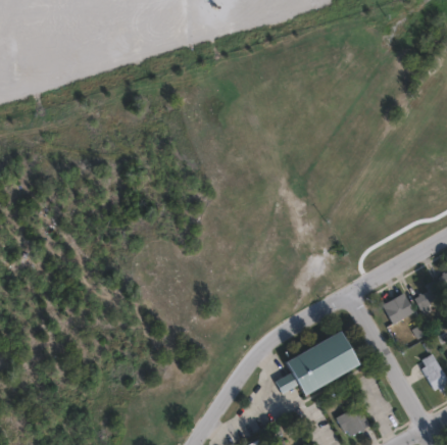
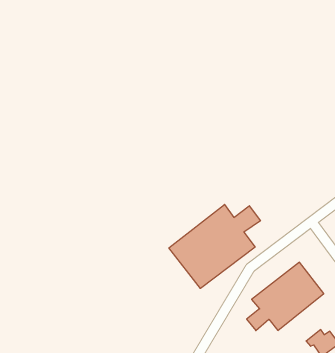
building: none -> [169,204,260,288]

